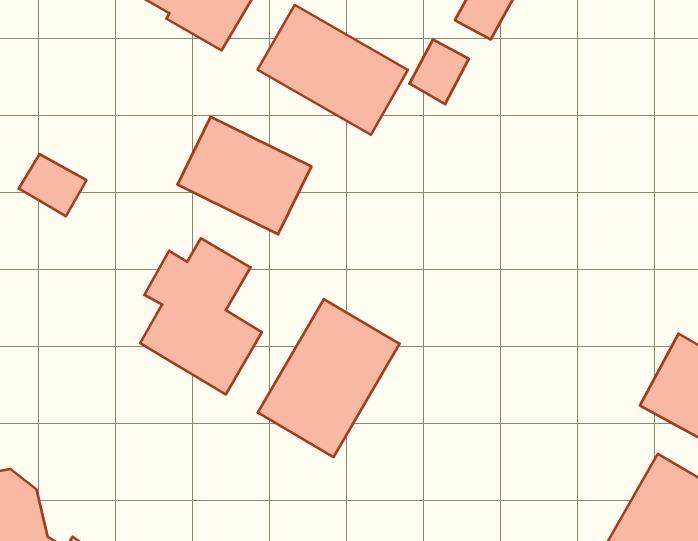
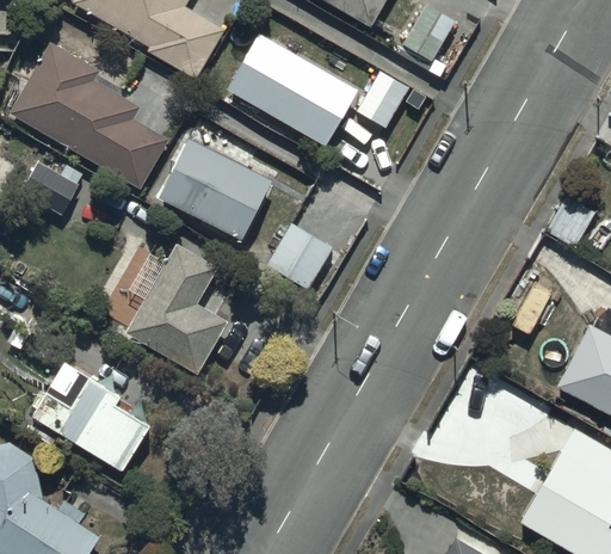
building: none -> [12,42,168,187]
building: none -> [266,222,332,288]
building: [258,299,400,457] -> none
building: none -> [30,358,152,472]

